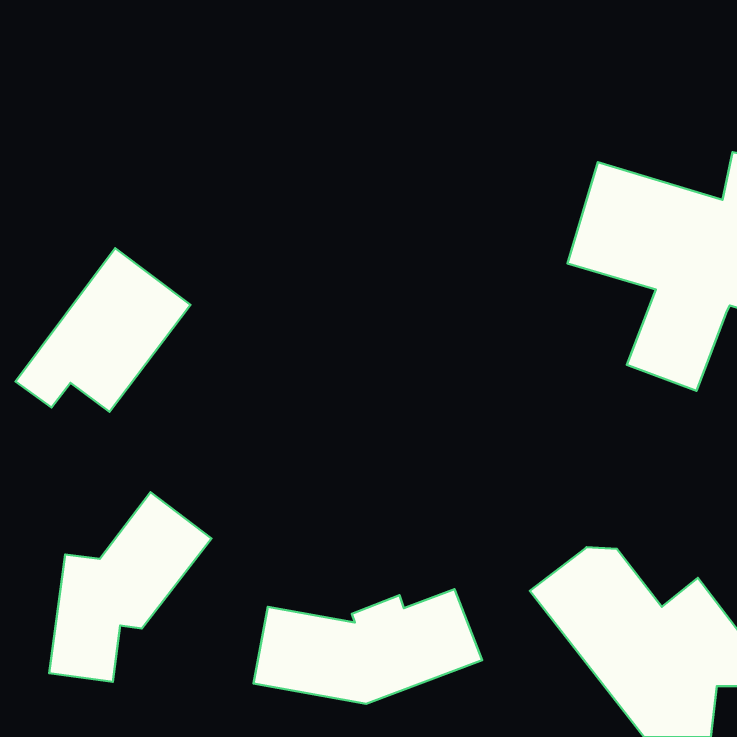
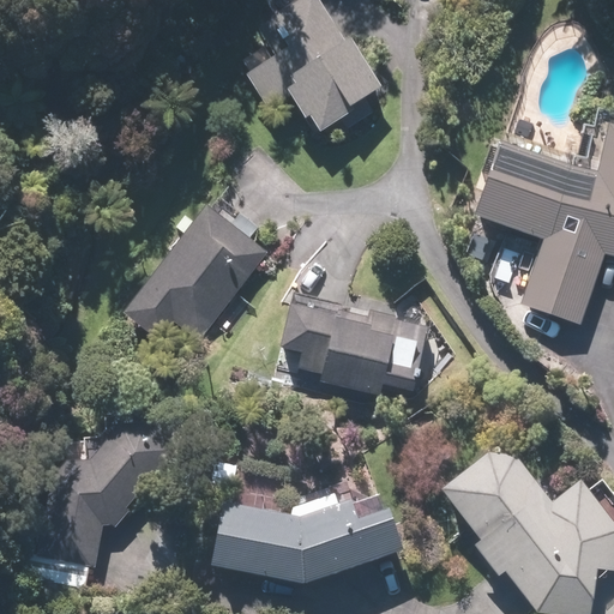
building: none -> [247,5,383,134]
building: [15,248,191,412] -> [124,206,269,342]
building: none -> [278,306,428,395]

